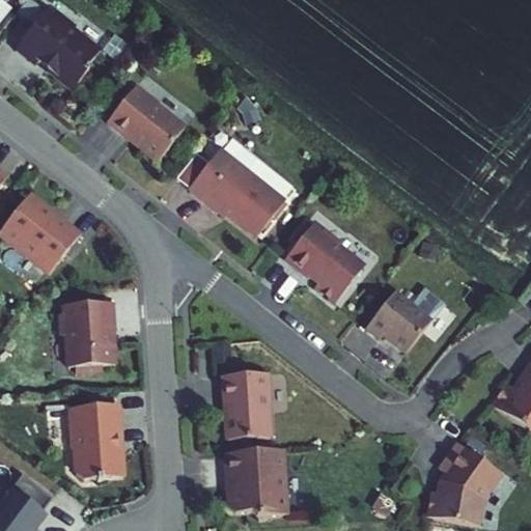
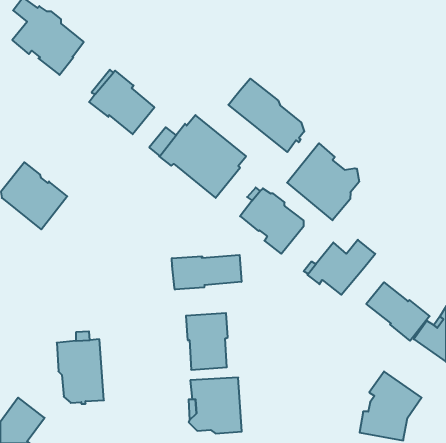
building: none -> [228,79,304,152]
building: none -> [287,143,359,220]
building: [60,302,115,371] -> none
building: none -> [172,255,241,290]
building: none -> [366,282,430,341]

